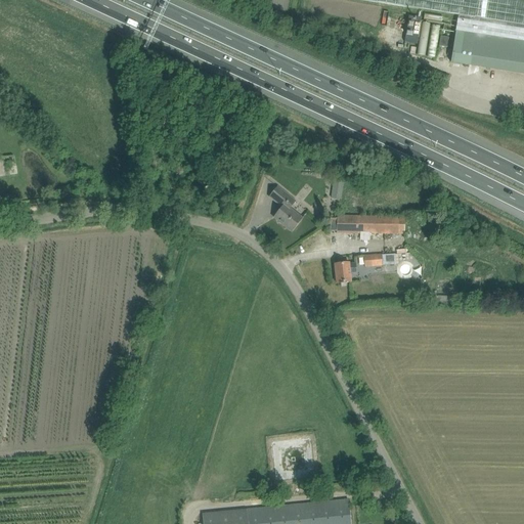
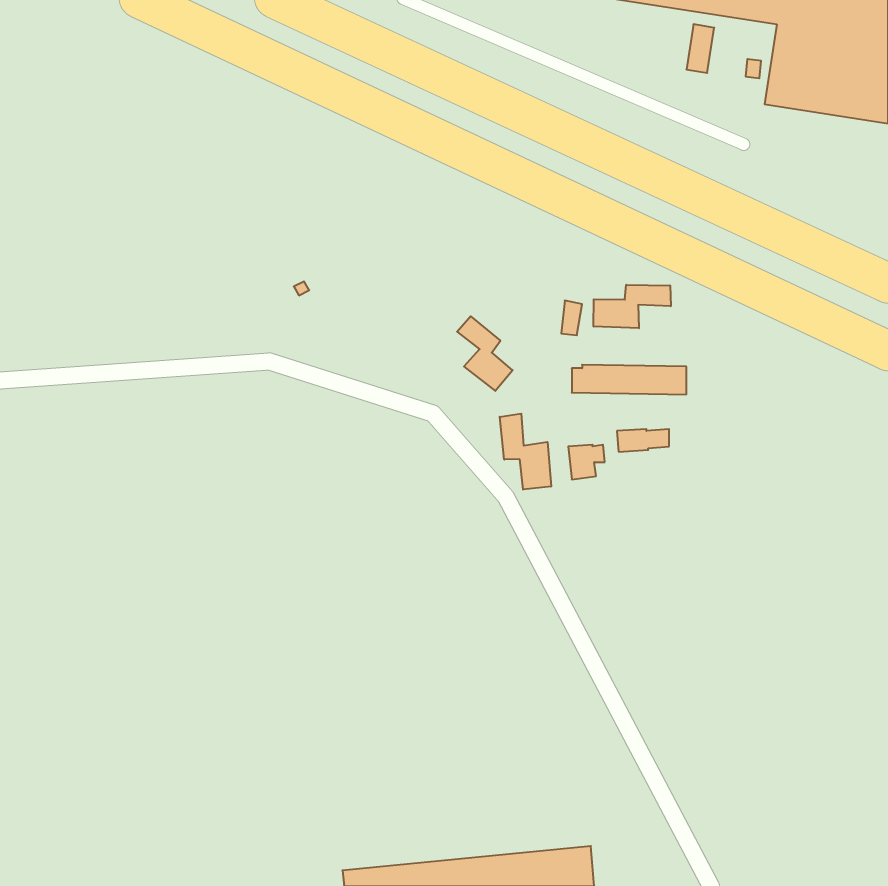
building: none -> [594,285,671,328]
building: none -> [500,414,551,490]

